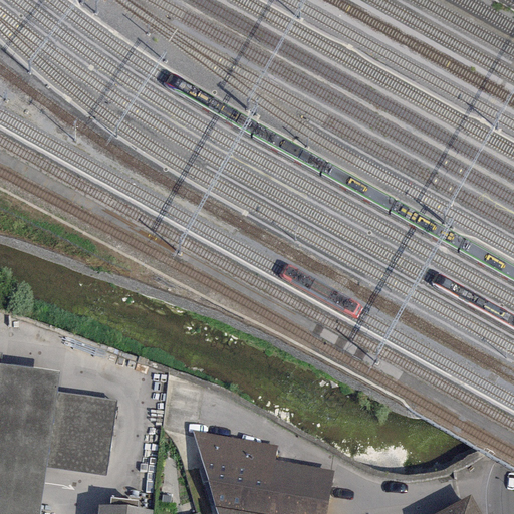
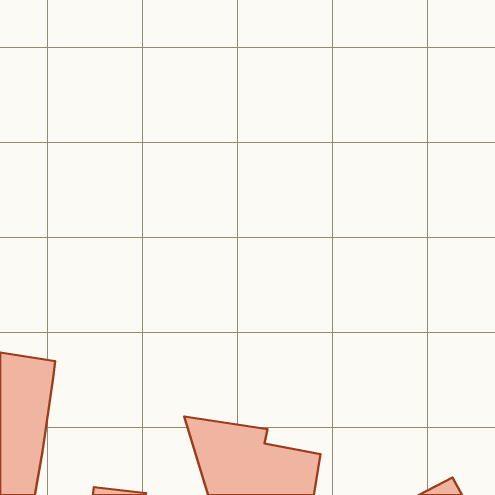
building: [44,392,114,476] -> none

